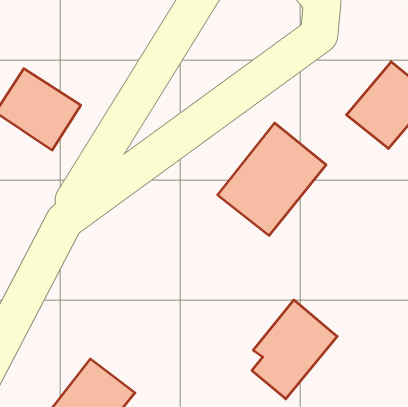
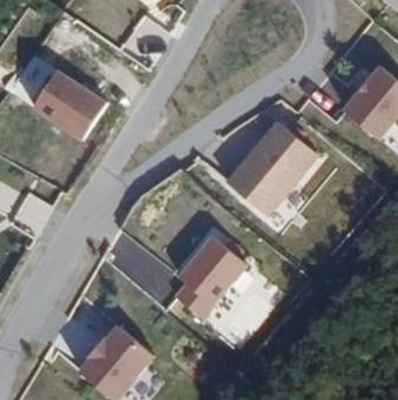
building: [252,300,337,399] -> [172,232,247,319]

